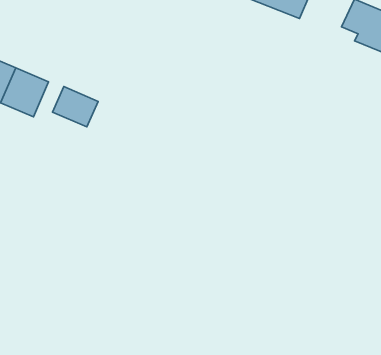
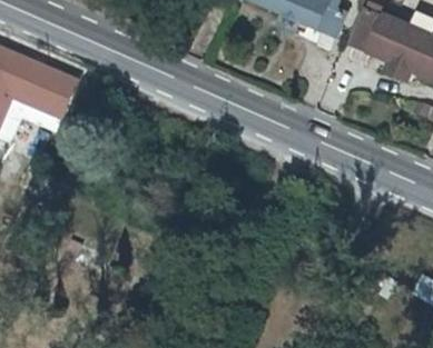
building: [53,87,98,127] -> none

